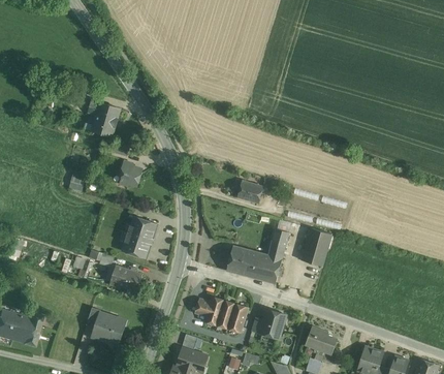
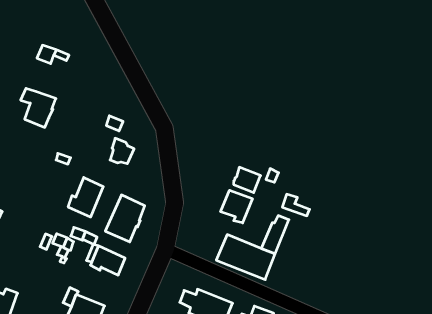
building: [87,101,120,136] -> [21,88,56,127]
building: none -> [68,177,103,217]
building: none -> [221,190,252,223]
building: [302,228,331,266] -> none

